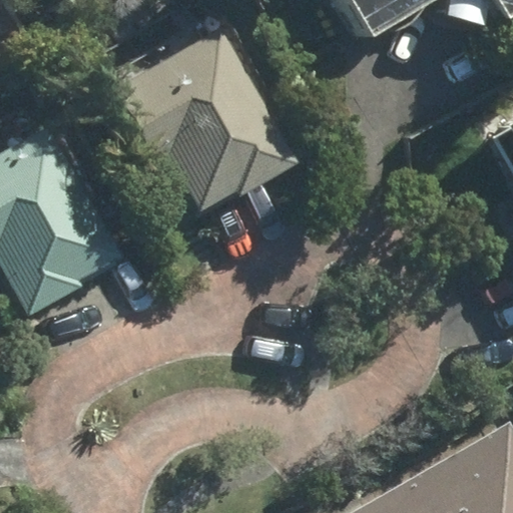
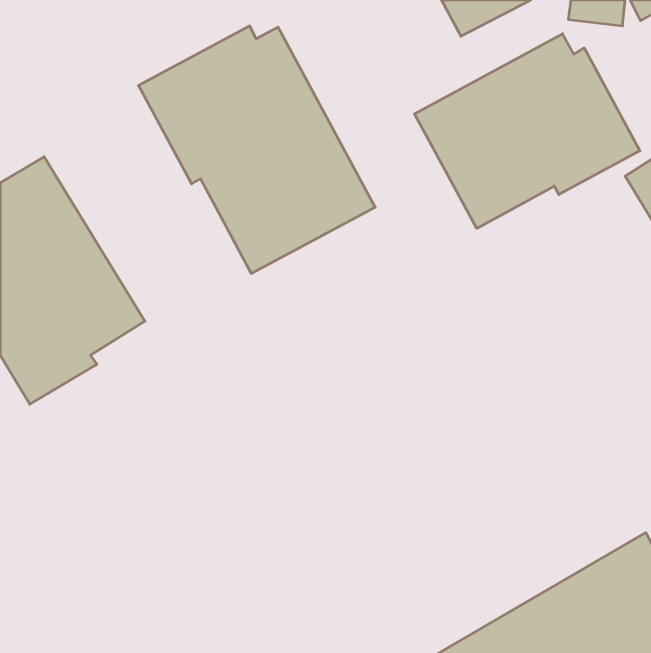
building: none -> [414,34,640,228]

